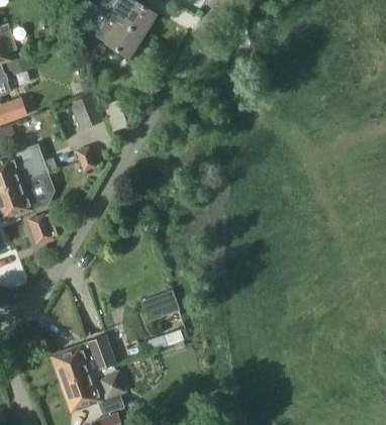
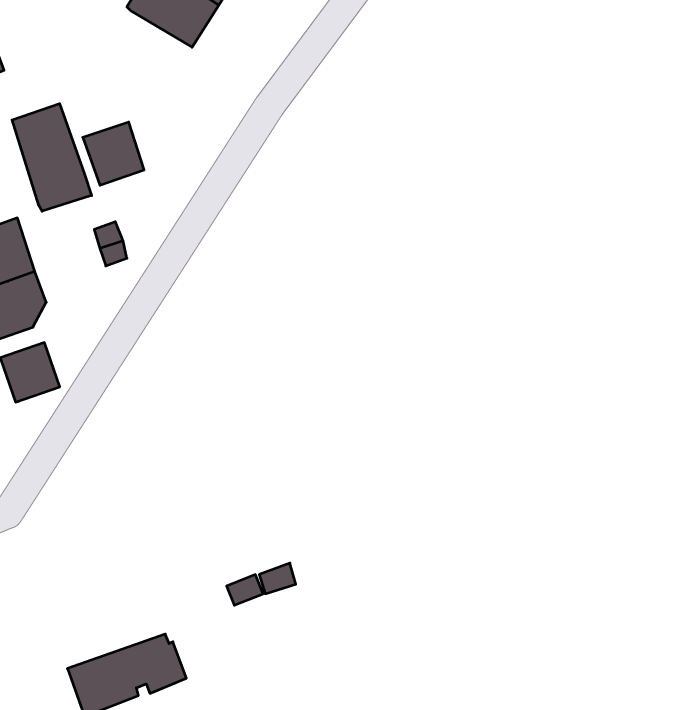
building: none -> [12,104,92,211]
building: [142,292,179,320] -> none
building: [53,336,116,385] -> none

